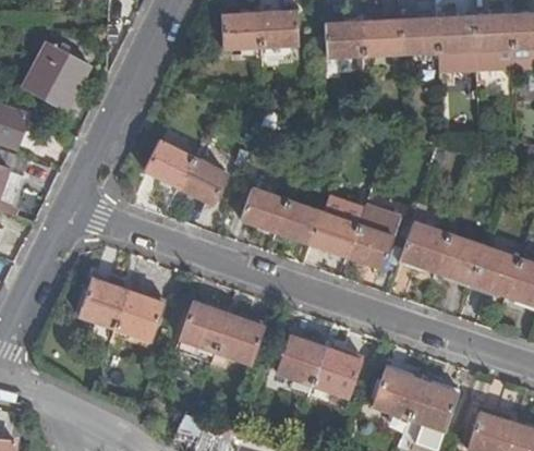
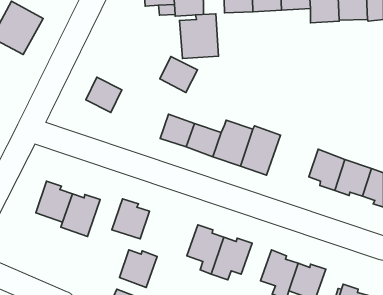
building: none -> [180,14,219,59]
building: [178,156,227,203] -> [160,56,198,92]
building: [399,221,448,269] -> none
building: [216,314,265,363] -> [120,250,157,288]

